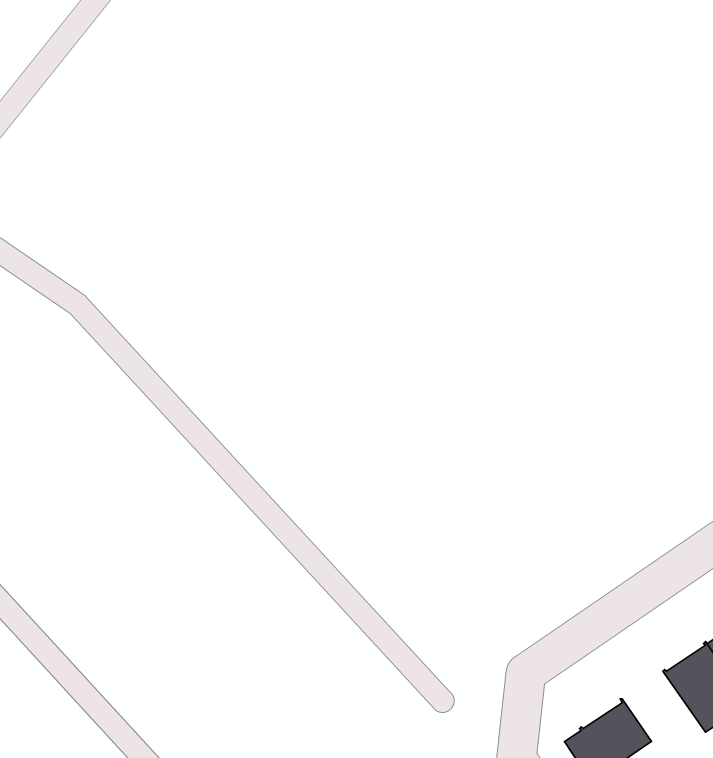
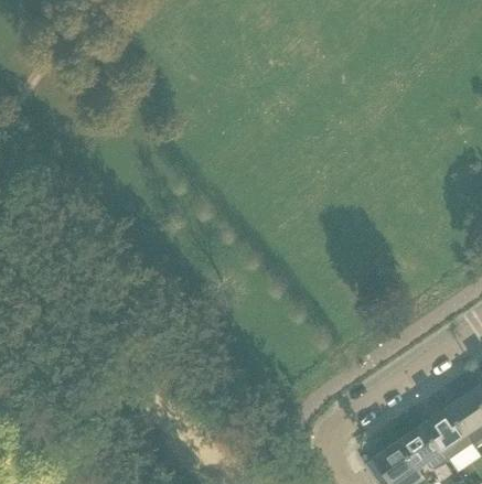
building: none -> [404,421,453,467]

